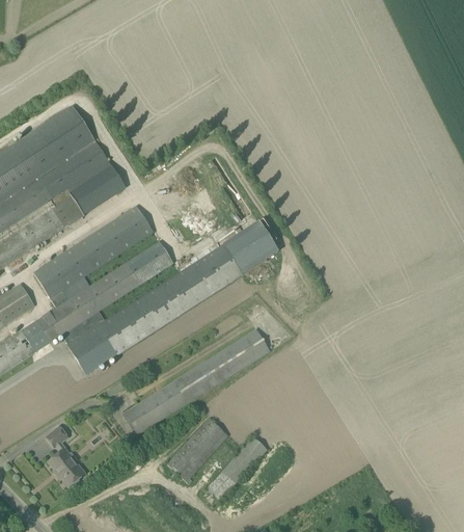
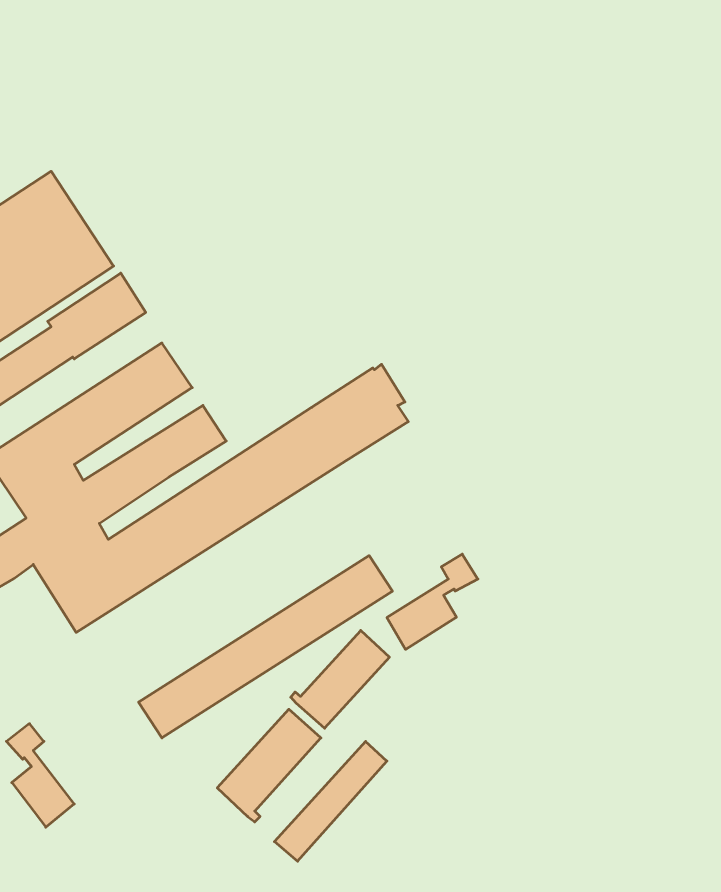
building: none -> [387,554,478,649]
building: none -> [291,630,389,728]

